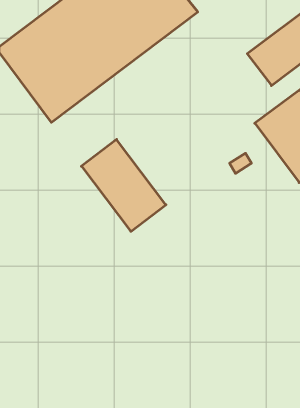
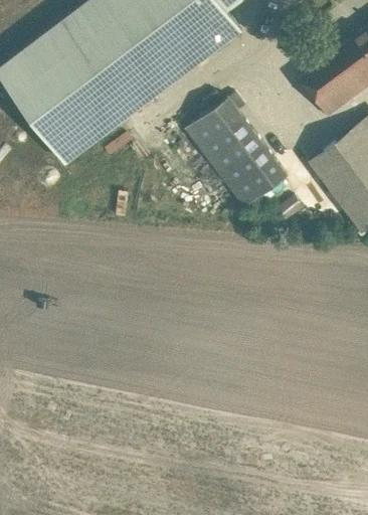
building: [81,139,166,231] -> [186,98,288,208]

